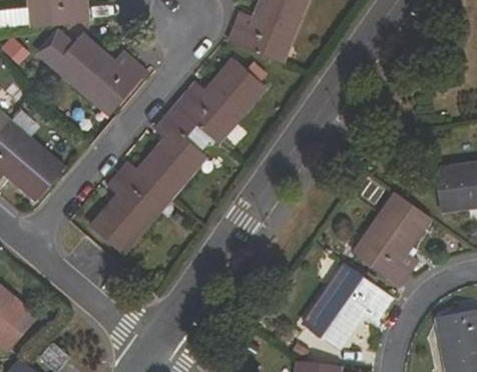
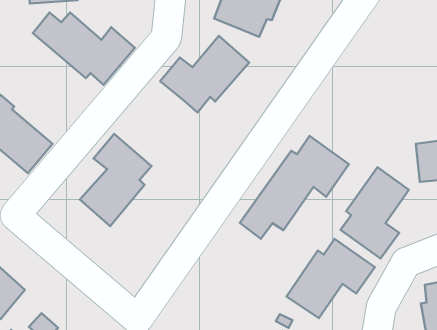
building: [139,105,205,198] -> none
building: none -> [240,136,349,239]

